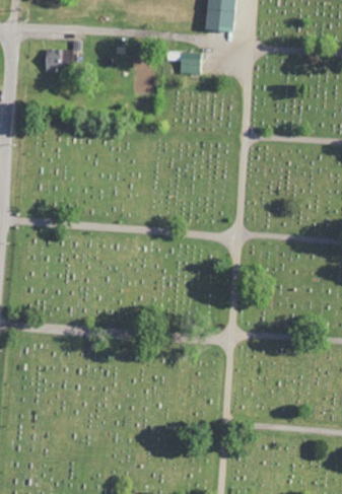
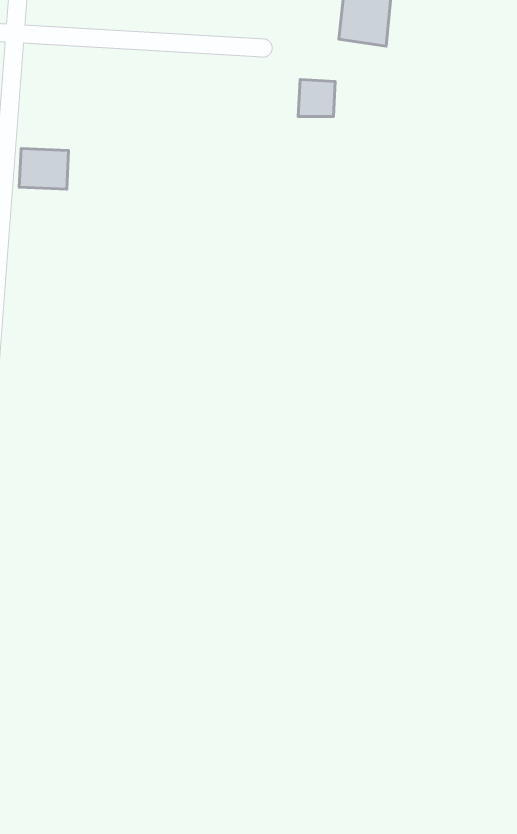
building: [44,49,72,72] -> [19,149,69,189]

